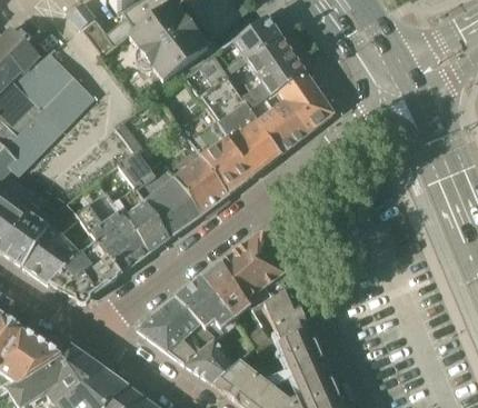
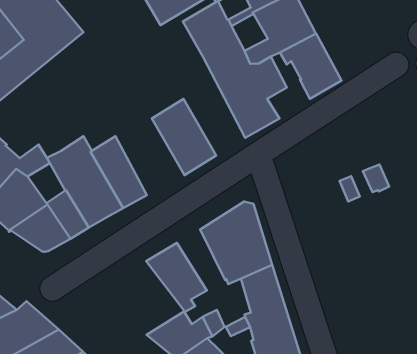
building: [267,92,307,152] -> none
building: [178,105,252,192] -> none
building: [117,129,201,236] -> none
building: [201,261,249,316] -> none
building: [137,296,216,362] -> none

